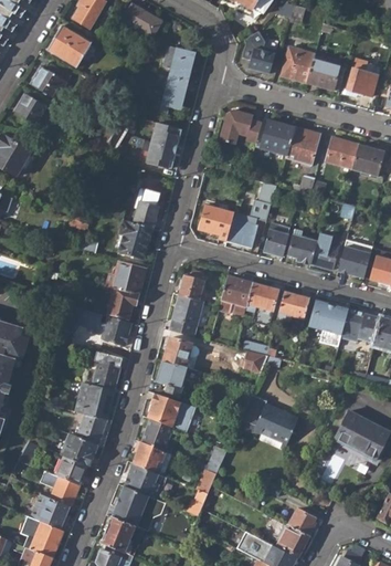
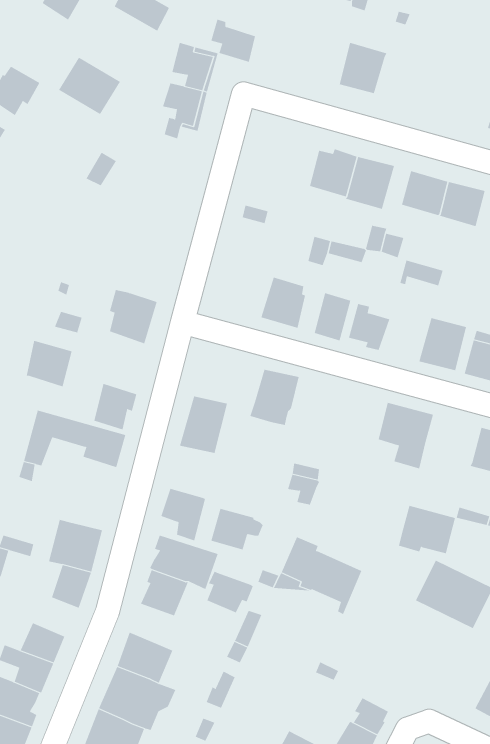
building: [46,25,91,66] -> [58,57,121,115]
building: [242,42,274,73] -> [211,19,256,63]
building: [306,55,339,90] -> none
building: [345,59,379,97] -> none
building: [219,108,261,144] -> none
building: [146,123,176,168] -> none
building: [133,200,158,229] -> none
building: [198,203,234,240] -> none
building: [309,240,339,269] -> none
building: [112,261,145,294] -> [26,340,73,387]
building: [178,269,205,301] -> none
building: [244,282,278,326] -> none
building: [274,291,309,328] -> none
building: [340,308,381,343] -> [398,505,456,554]
building: [161,337,199,367] -> [210,508,264,550]
building: [92,352,121,390] -> none
building: [61,434,97,467] -> none
building: [133,441,166,471] -> [207,571,253,613]

